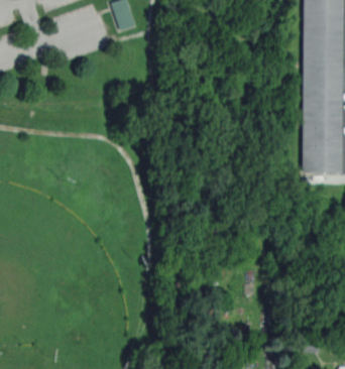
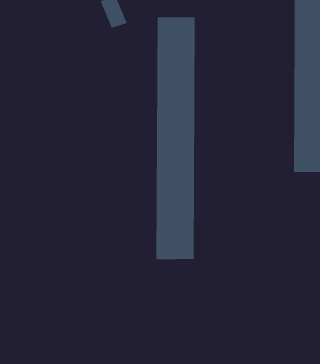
building: none -> [156,16,195,260]

